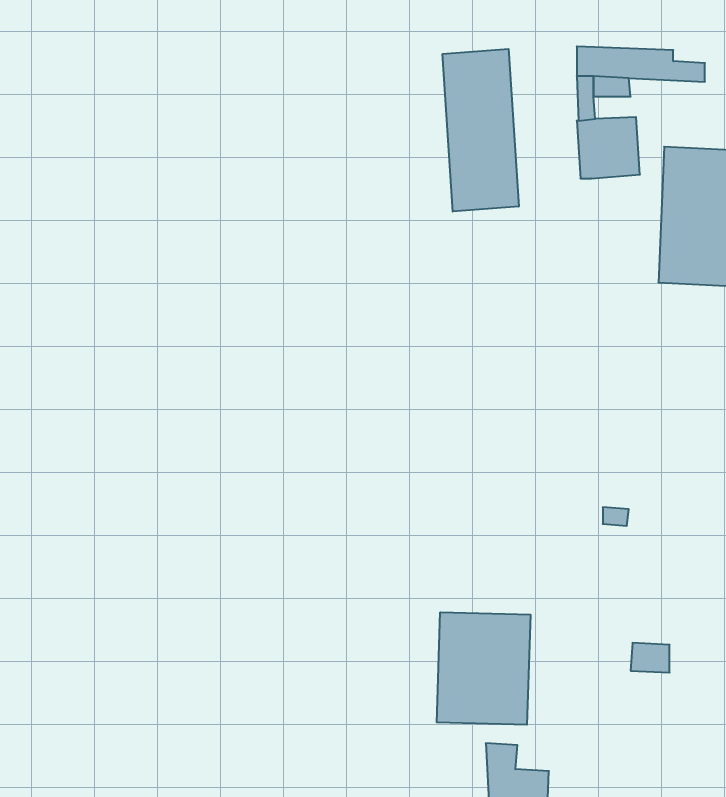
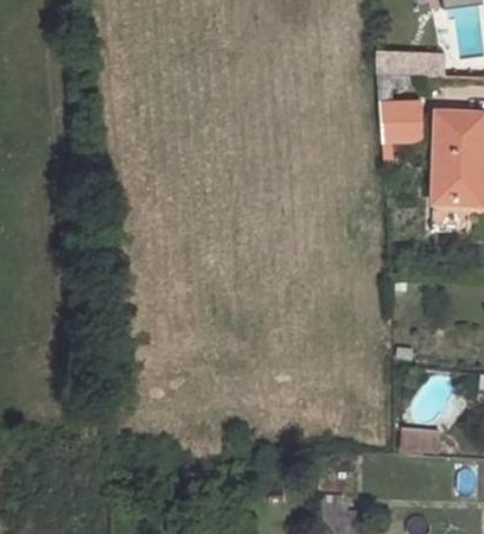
building: [443,49,519,212] -> none
building: [437,612,530,725] -> none

